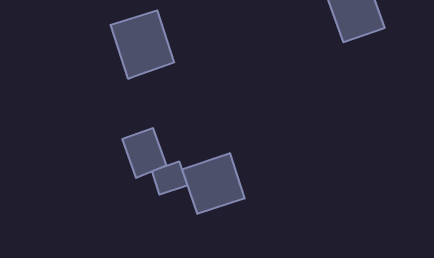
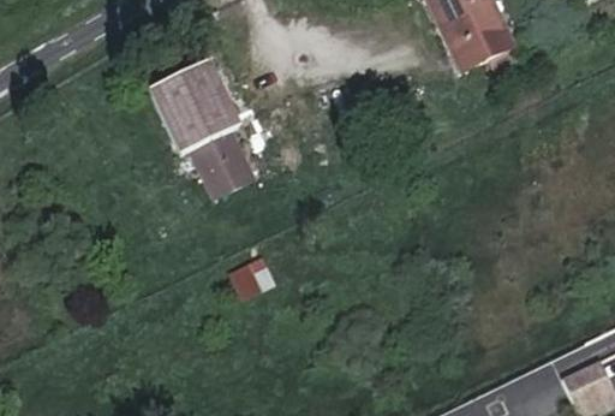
building: [122,128,166,178] -> [191,129,253,197]
building: [182,153,245,214] -> none

